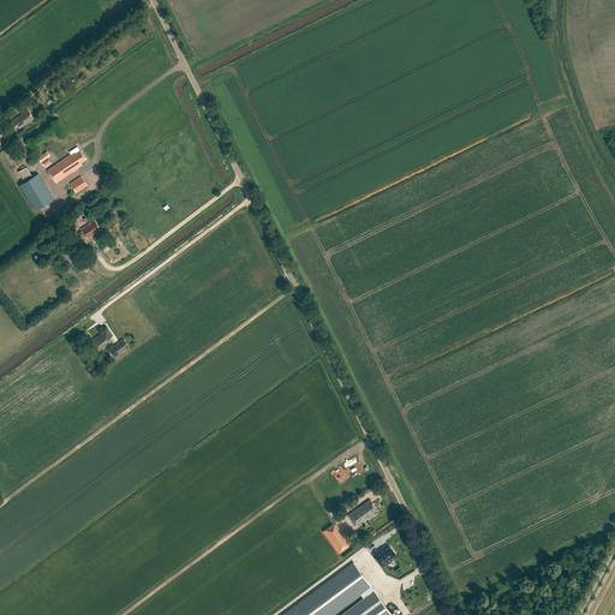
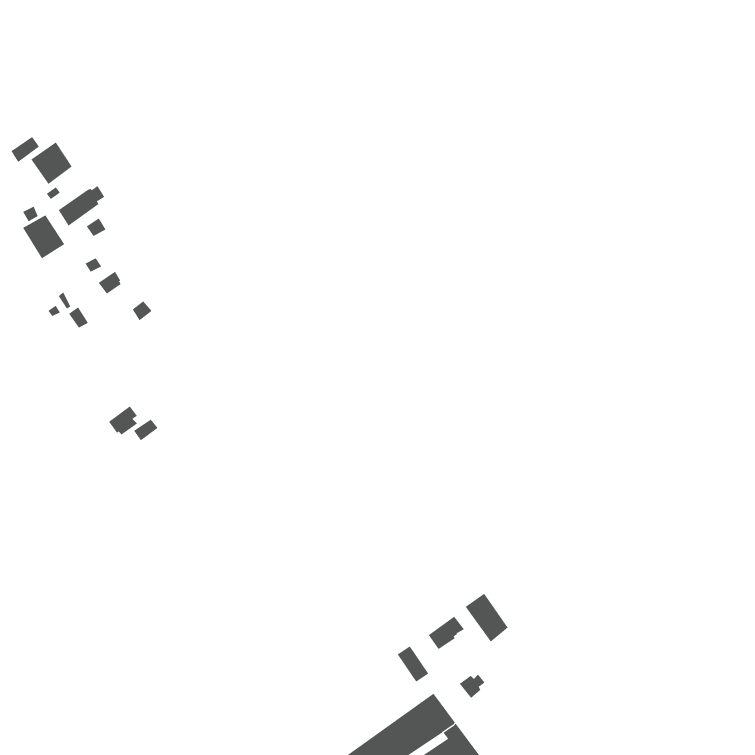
building: none -> [30,141,73,185]
building: none -> [465,593,509,642]

